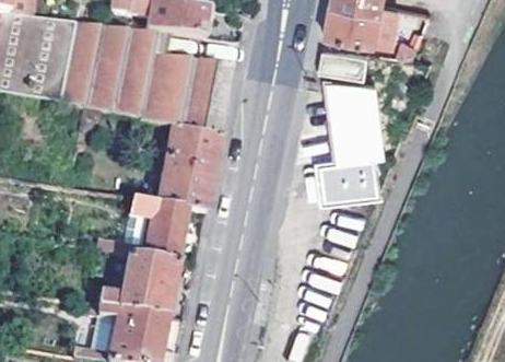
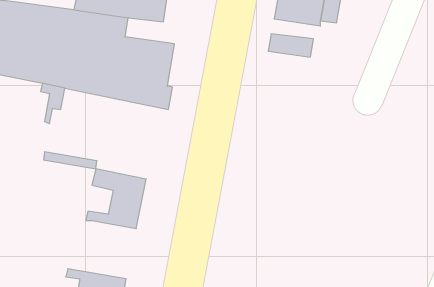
building: [321,77,379,195] -> none
building: [158,125,221,212] -> none
building: [97,253,176,316] -> none

